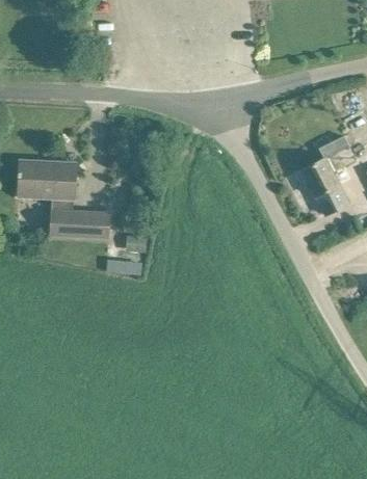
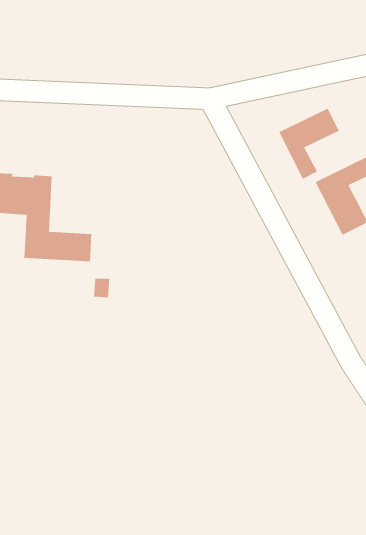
building: none -> [278,107,340,180]

